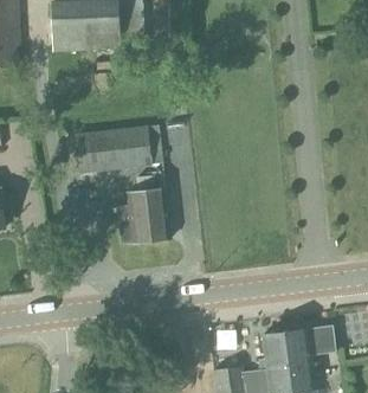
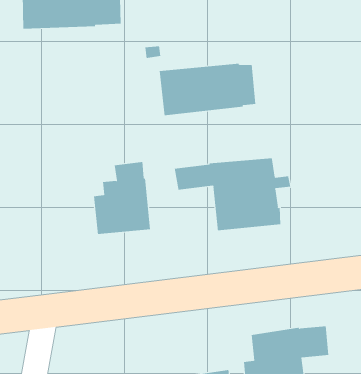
building: [75,124,164,173] -> [159,63,256,116]
building: none -> [174,158,291,231]

